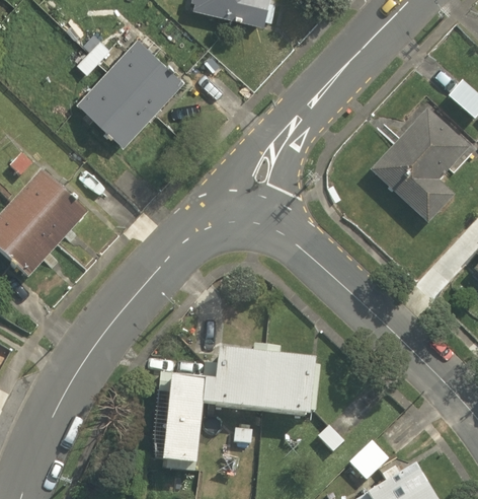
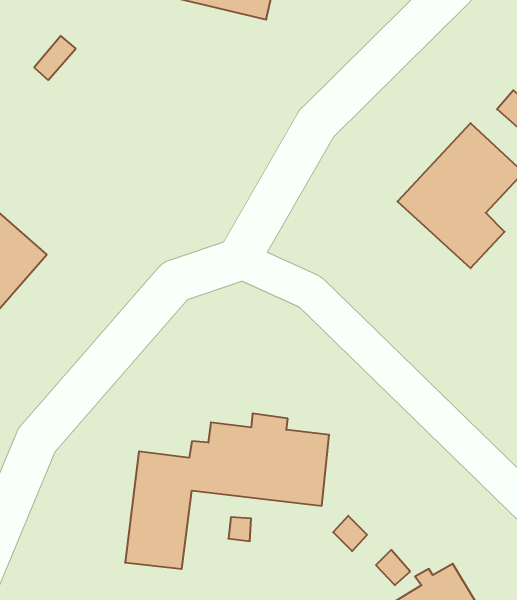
building: [77,35,185,145] -> none

